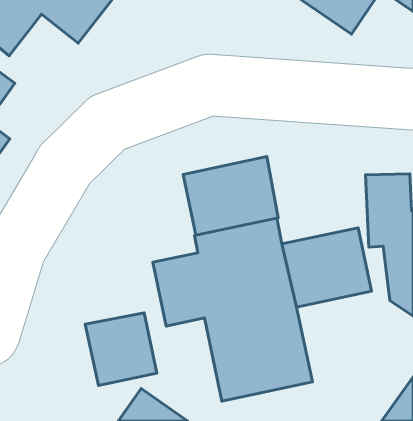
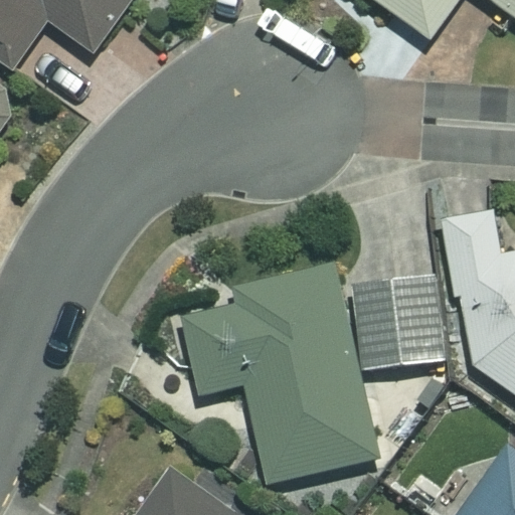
building: [183,156,278,235] -> none
building: [85,313,157,386] -> none

